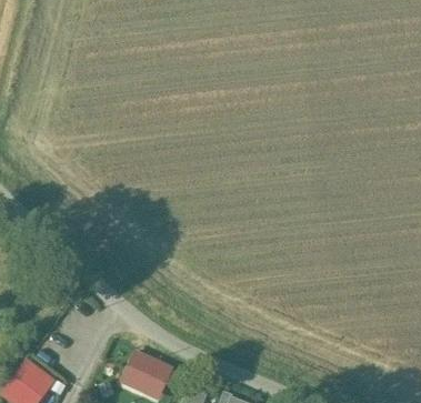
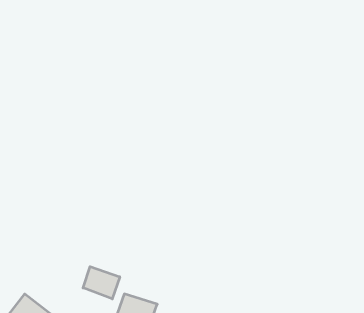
building: none -> [83,267,120,299]

